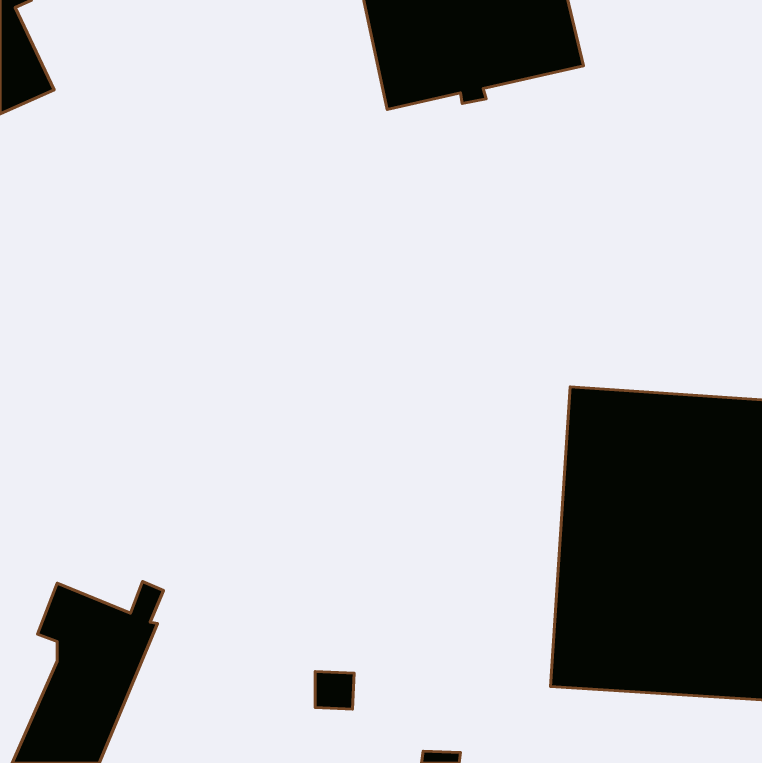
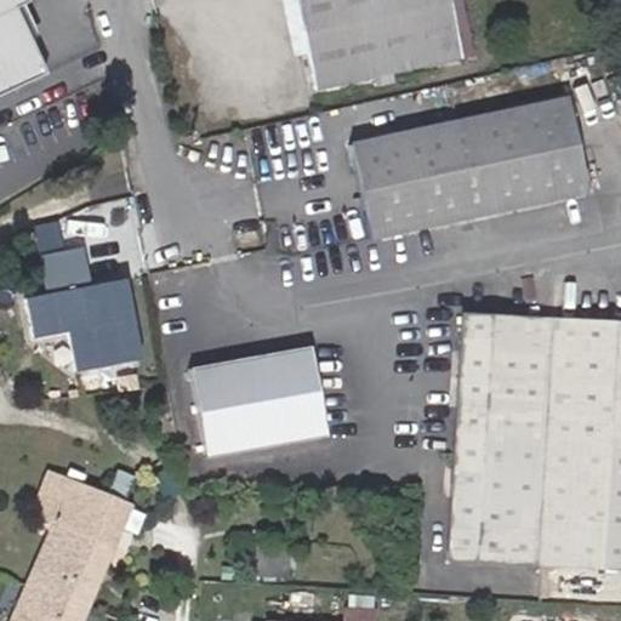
building: none -> [352,97,588,237]
building: none -> [32,244,146,369]
building: none -> [192,346,329,457]

